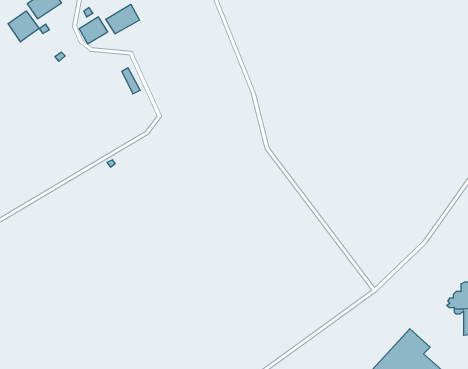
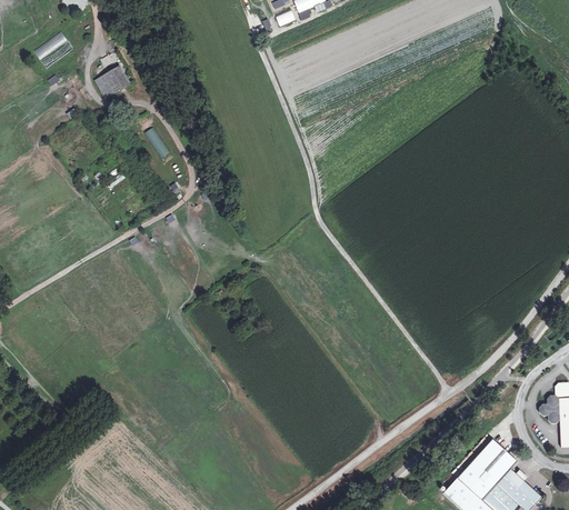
building: [106,4,139,34] -> none
building: [8,11,39,42] -> none

